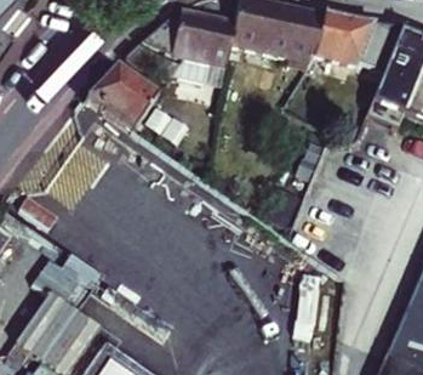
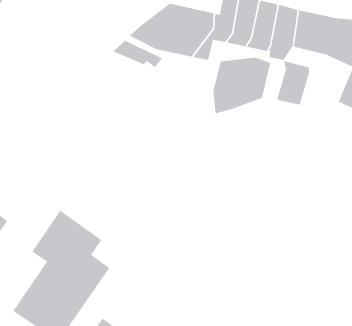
building: none -> [213,57,271,114]
building: [87,69,155,131] -> none
building: none -> [277,60,310,106]

